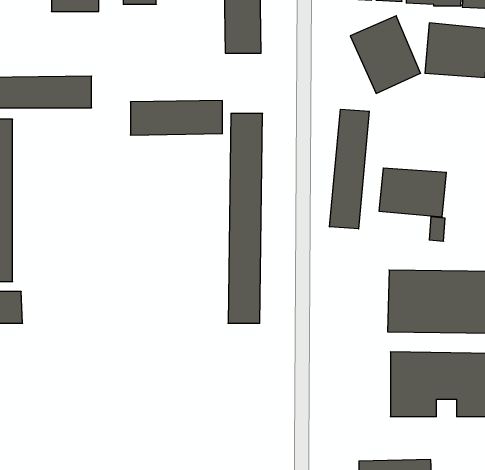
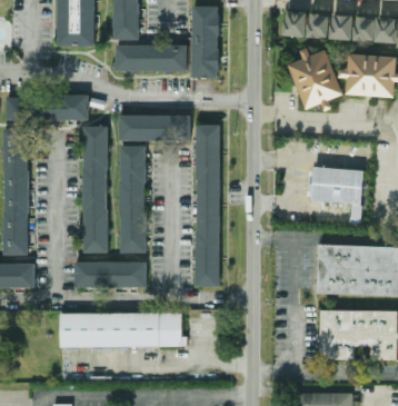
building: none -> [115,44,187,71]
building: [330,109,369,229] -> none
building: none -> [81,126,107,252]
building: none -> [118,146,145,252]
building: none -> [73,261,145,288]
building: none -> [60,313,180,347]

